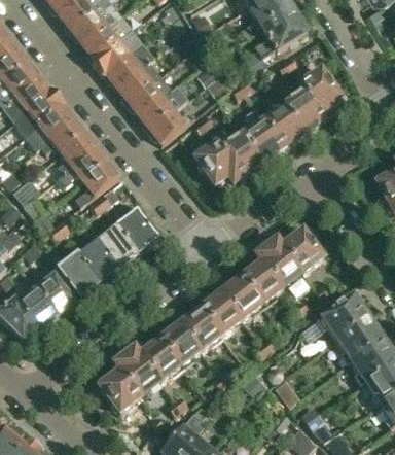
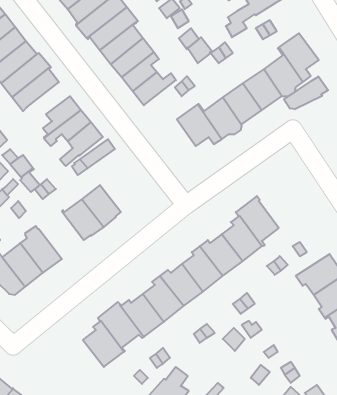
building: none -> [284,76,328,109]
building: [40,119,84,152] -> none
building: [115,201,158,253] -> none
building: [279,229,323,273] -> none
building: [56,252,99,299] -> none

